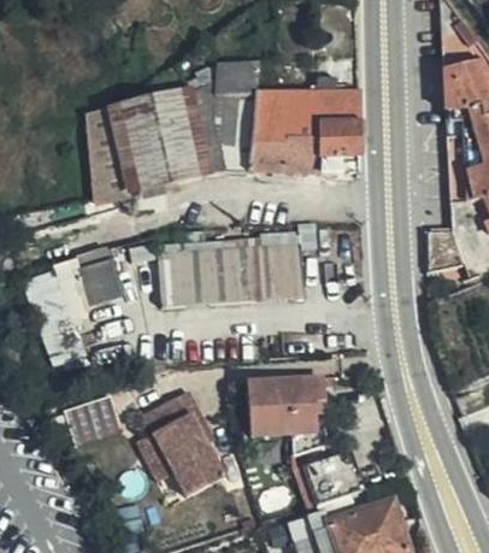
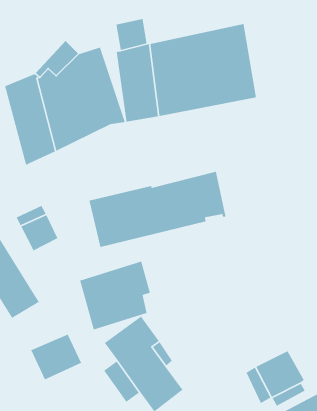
building: [249,372,325,440] -> [79,261,151,331]

